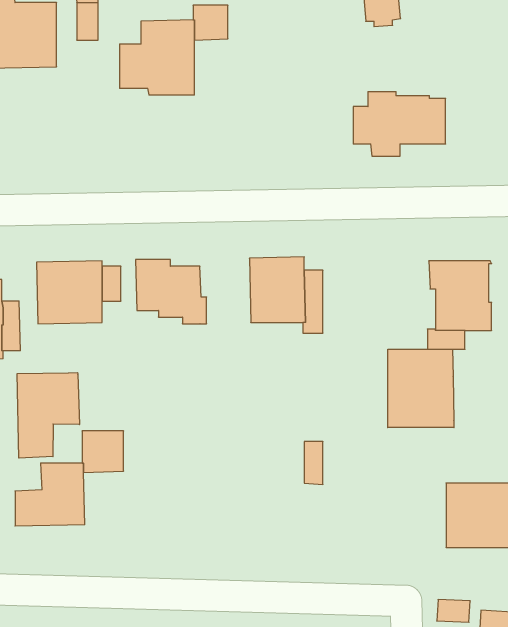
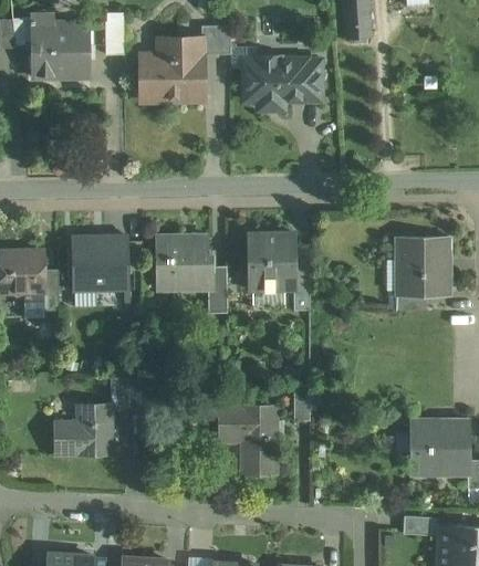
building: [353,92,446,156] -> [243,55,320,108]
building: none -> [207,266,226,313]
building: [388,349,454,428] -> none
building: [17,373,79,458] -> none
building: none -> [218,405,275,474]

